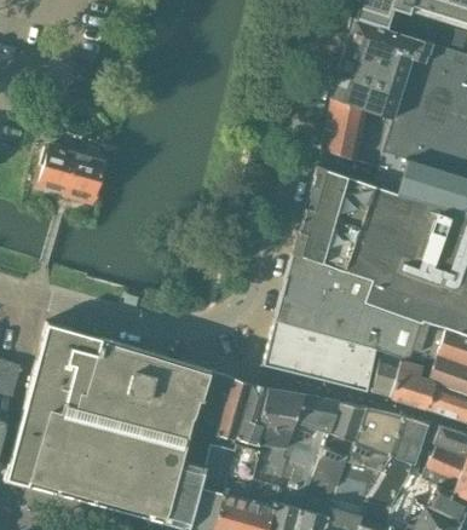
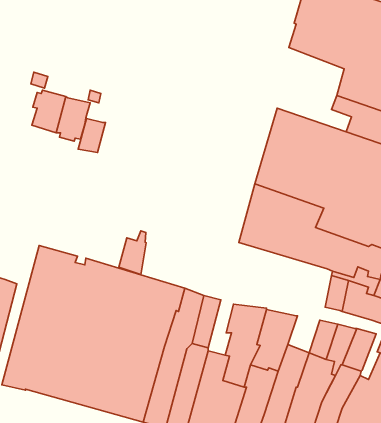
building: [323,98,396,168] -> none
building: none -> [78,118,105,152]
building: none -> [119,231,146,275]
building: [265,319,376,391] -> none
building: [241,385,270,448] -> none
building: [331,403,368,445] -> none

